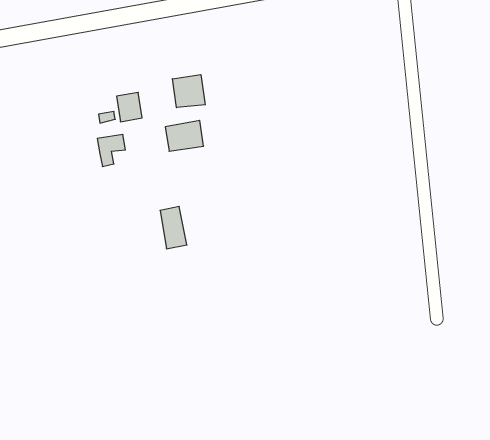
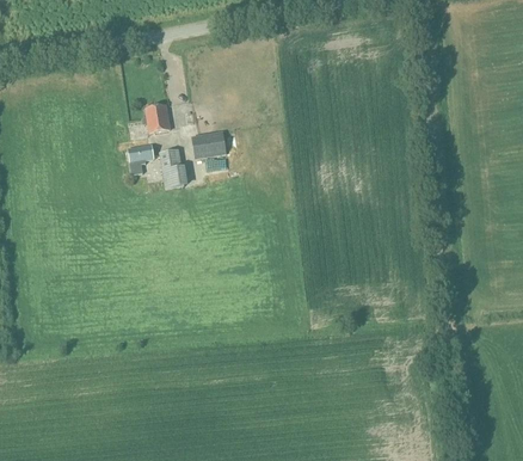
building: [172,75,205,108] -> none
building: [160,207,187,249] -> [160,148,185,188]

